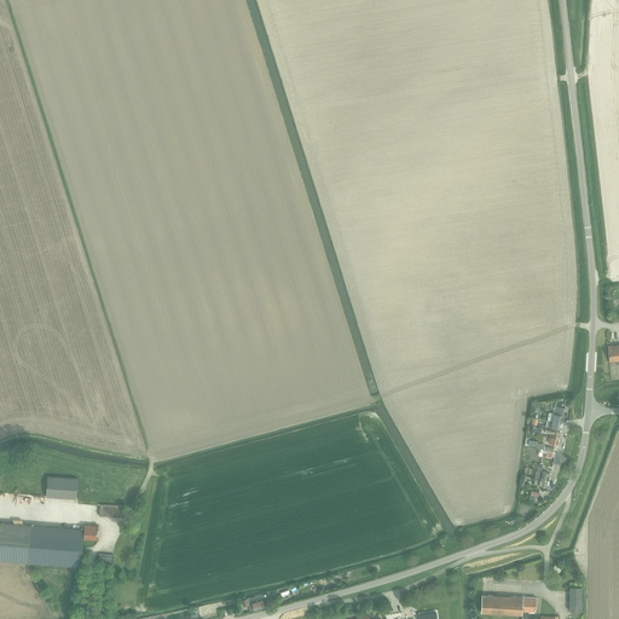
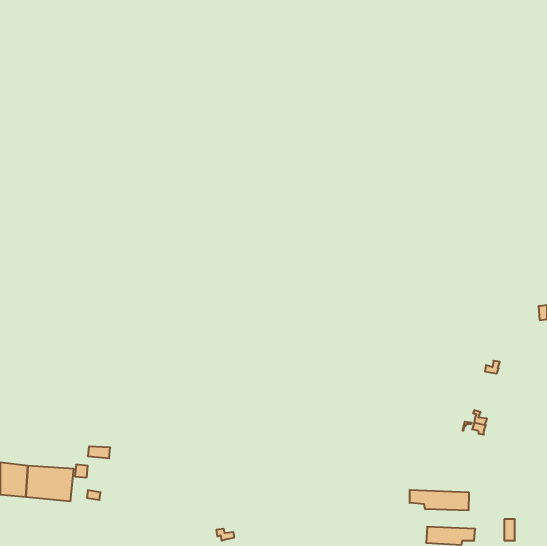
building: [46,478,77,499] -> none
building: none -> [410,490,469,510]

